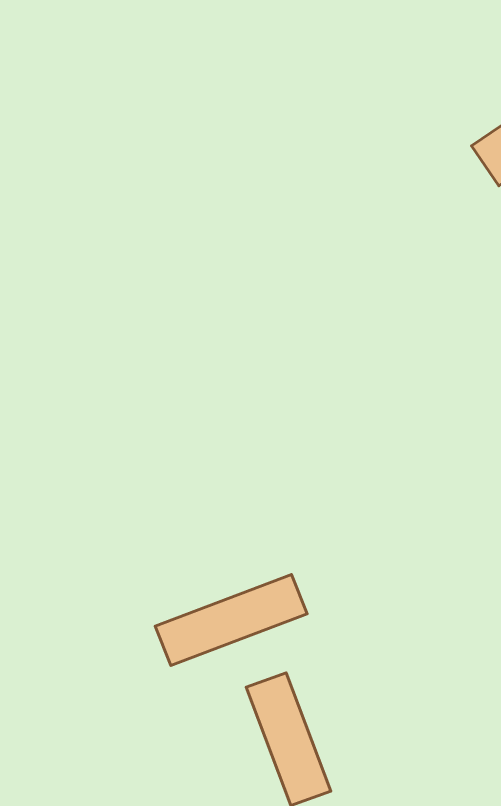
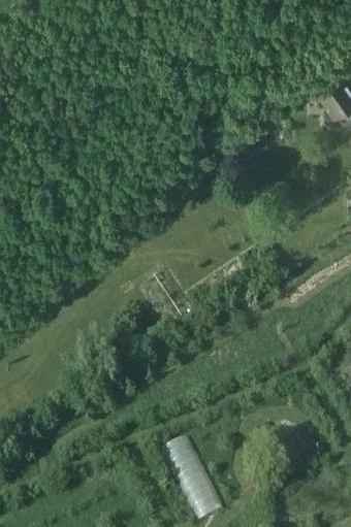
building: [155,575,307,665] -> none

